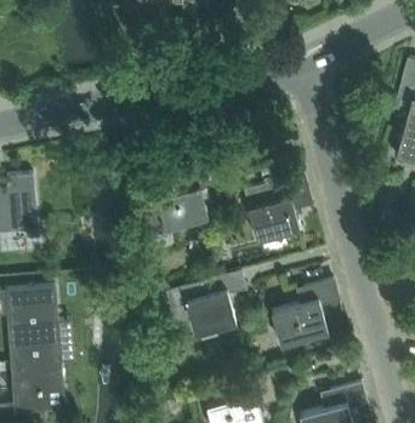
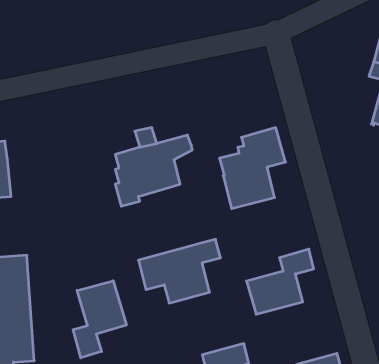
building: none -> [73,281,126,358]

